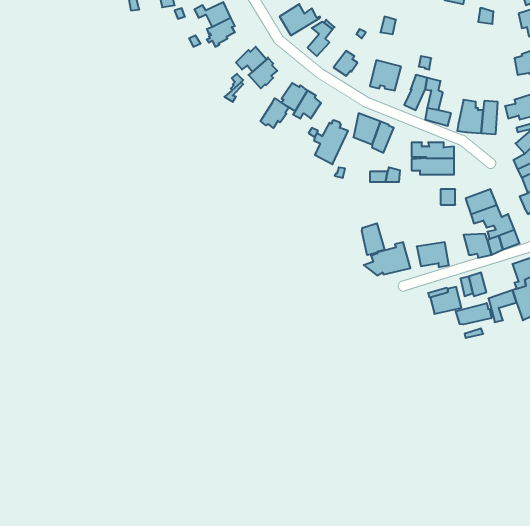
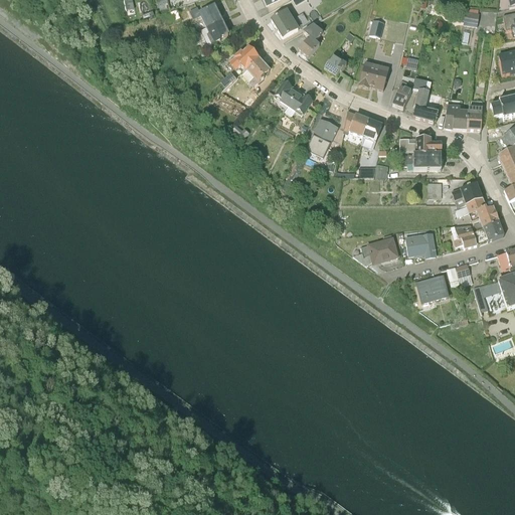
building: [261,98,289,128] -> none
building: [362,223,384,255] -> none
building: [456,303,491,324] -> none

